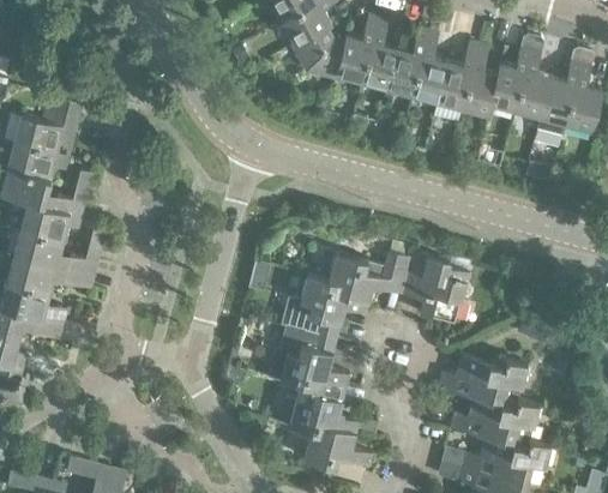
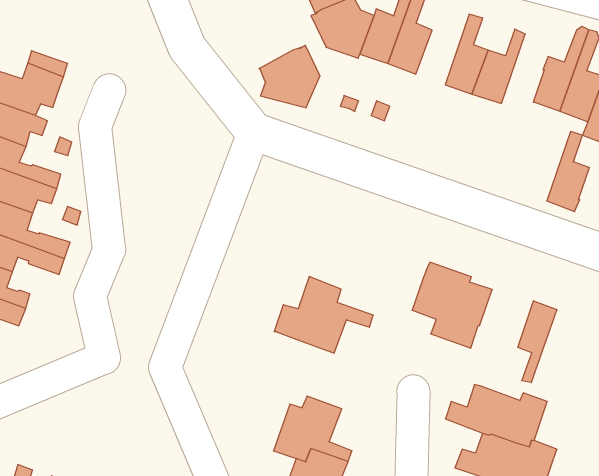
building: [385,29,427,96] -> none
building: [462,46,496,115] -> [547,131,589,212]
building: none -> [259,45,320,108]
building: [327,252,409,302] -> none
building: none -> [518,301,557,383]
building: [269,324,348,389] -> none

